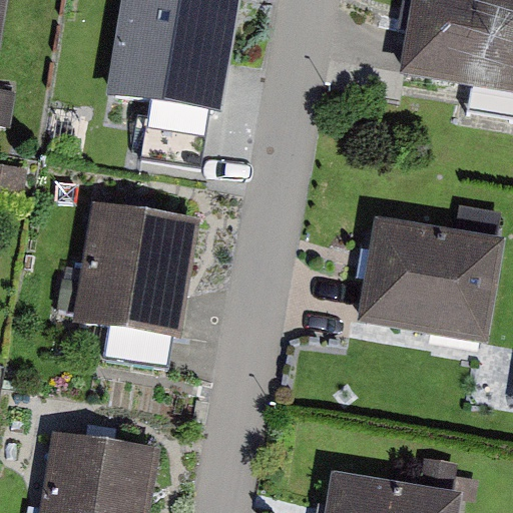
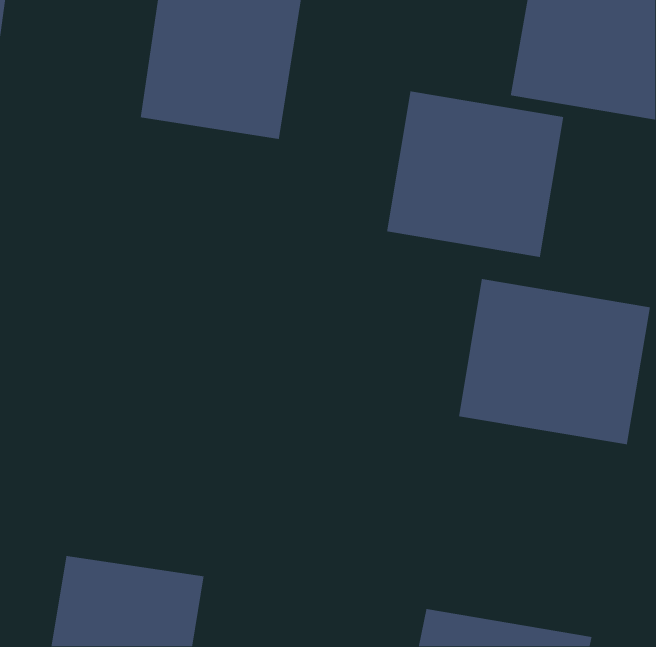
building: none -> [386,90,564,258]
building: [70,199,199,339] -> none

